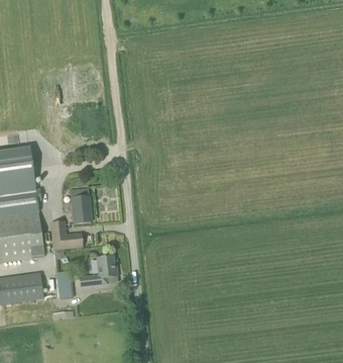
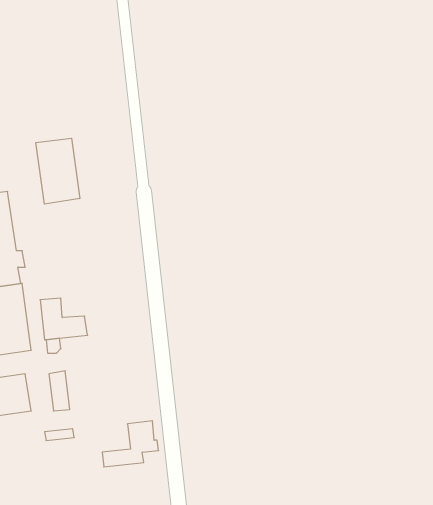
building: none -> [36,138,80,204]
building: [64,189,91,223] -> none
building: [80,256,118,287] -> [102,421,159,467]

